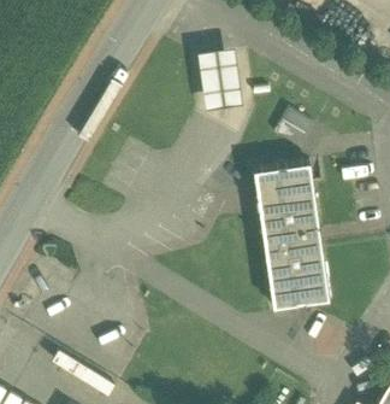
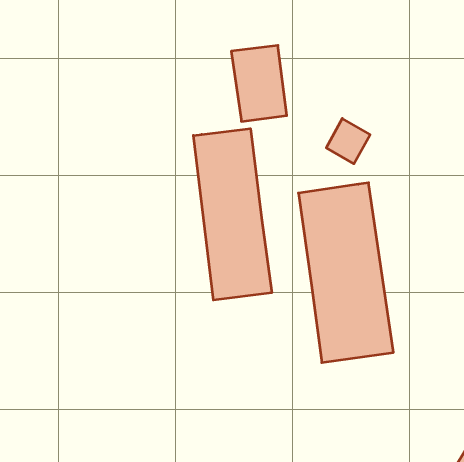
building: none -> [193,129,272,300]

